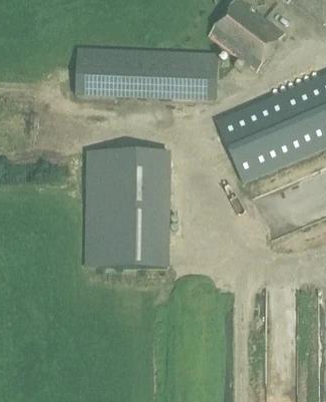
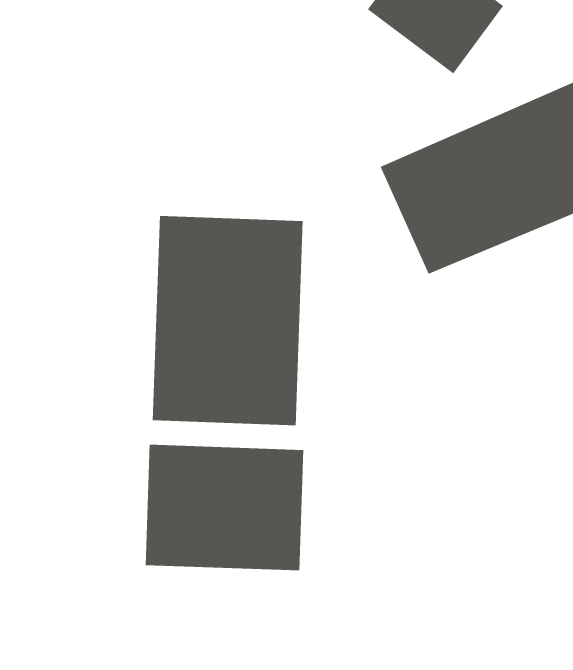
building: [75,46,220,108] -> none
building: none -> [145,444,304,571]

